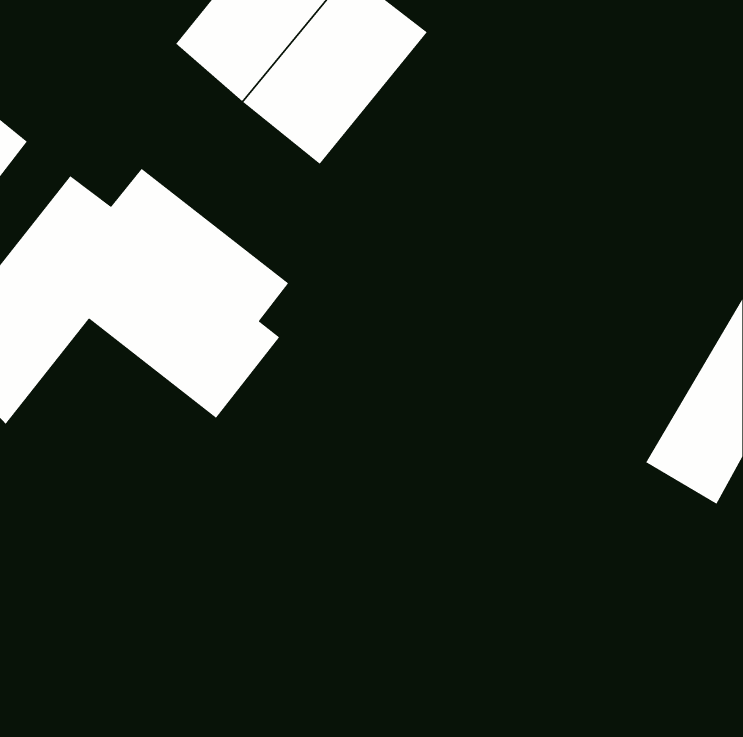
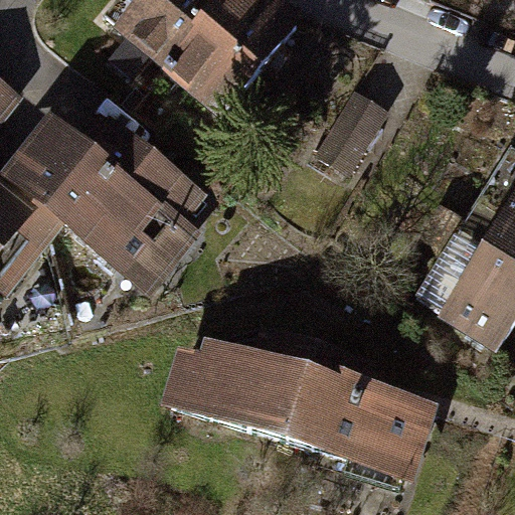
building: none -> [311,89,385,174]
building: none -> [173,334,431,478]

